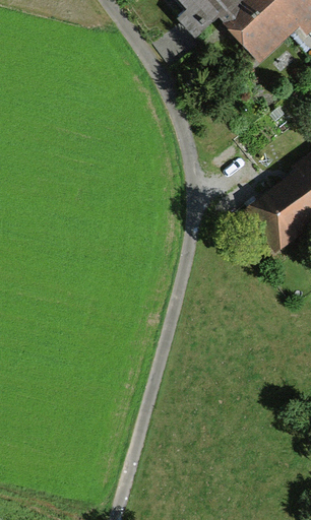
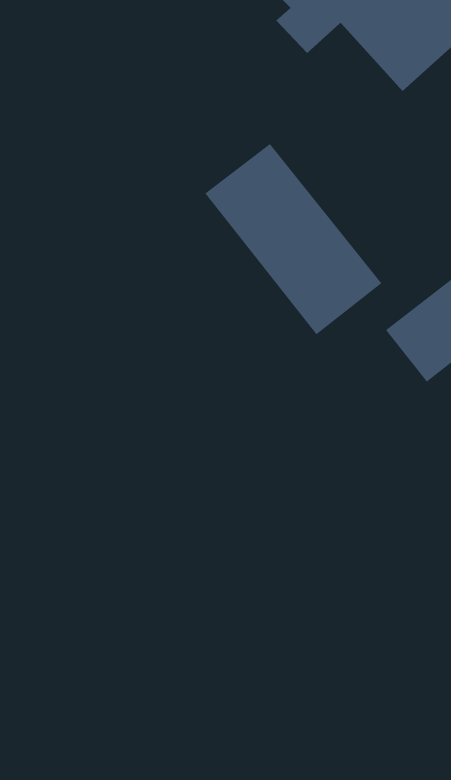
building: none -> [205,143,382,335]

